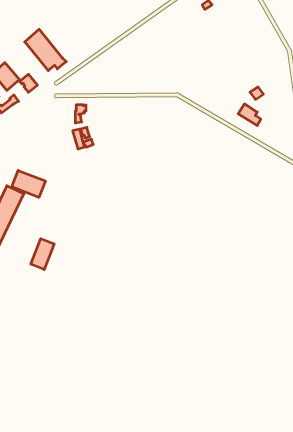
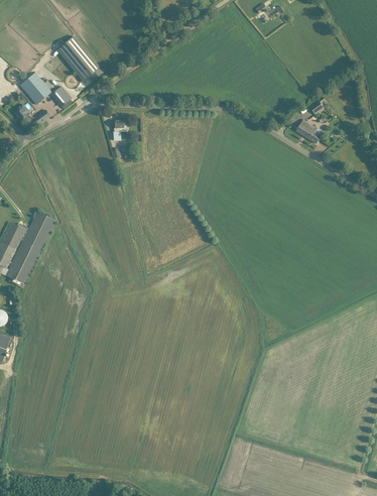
building: [12,170,45,197] -> none
building: [31,239,54,270] -> none

